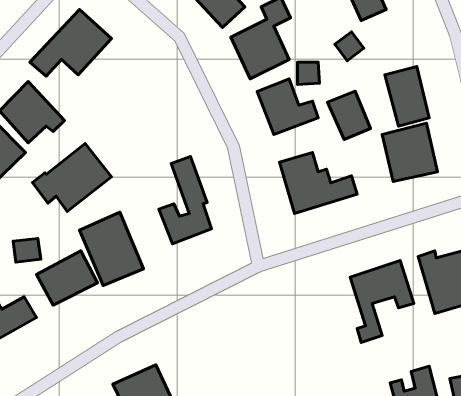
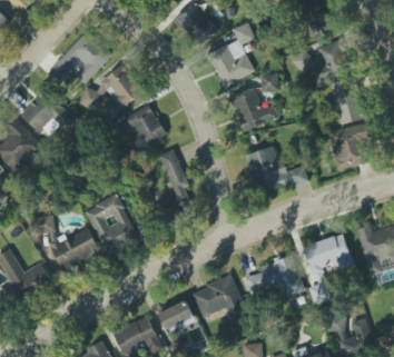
building: [327,91,370,140] -> [316,39,351,78]
building: none -> [119,105,165,150]
building: [33,144,112,212] -> [80,65,144,119]
building: none -> [244,254,305,297]
building: none -> [191,275,246,317]
building: none -> [157,297,198,335]

